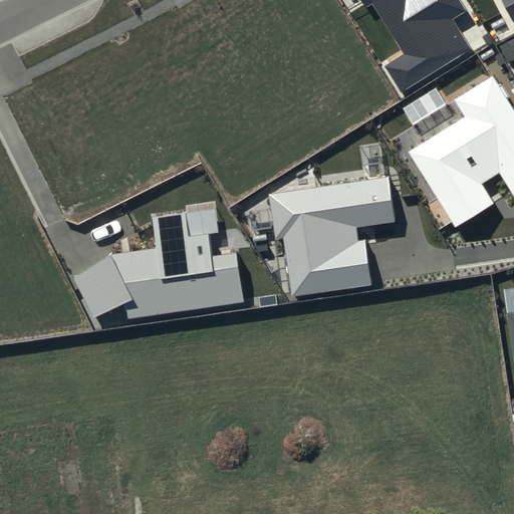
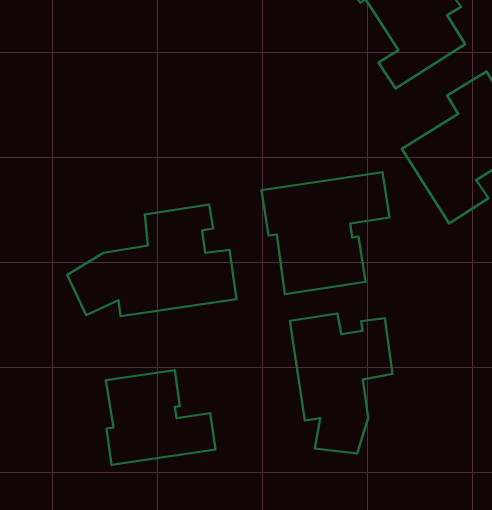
building: none -> [290,314,393,454]
building: none -> [106,370,215,465]

